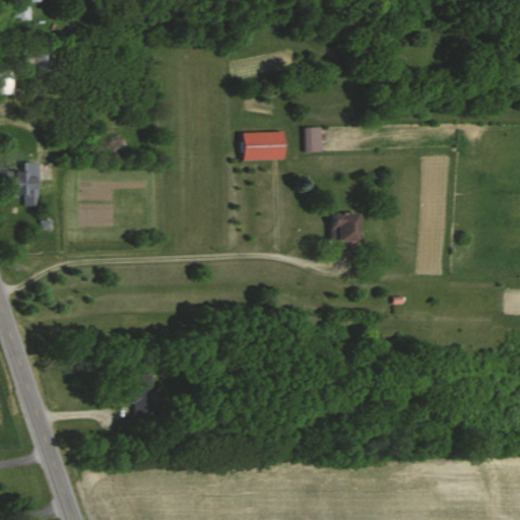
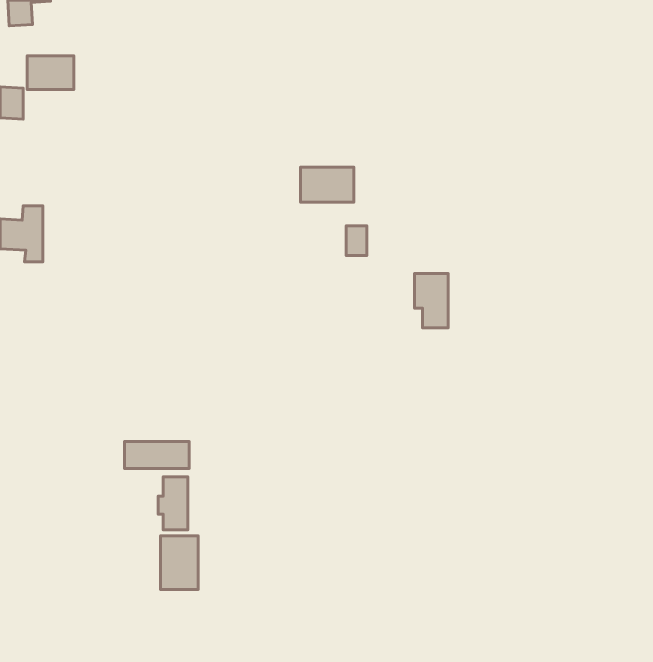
building: [307,127,323,150] -> [346,226,367,256]
building: none -> [125,442,189,469]
building: none -> [161,536,198,589]

